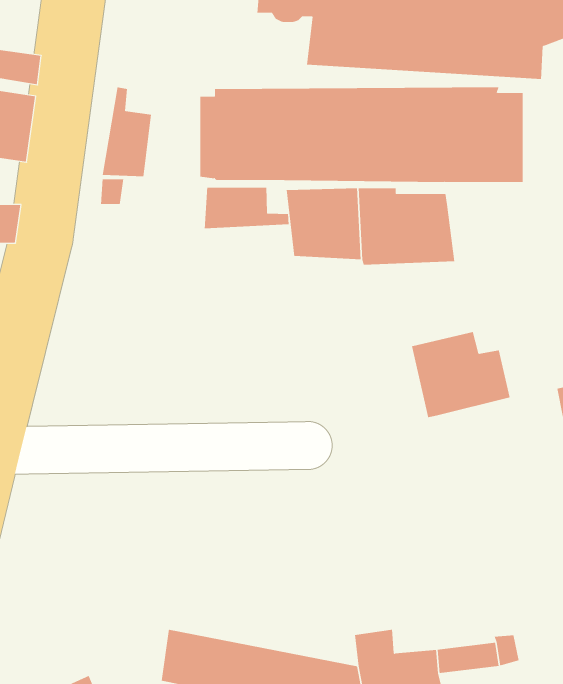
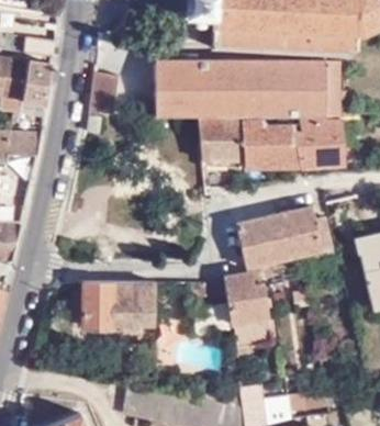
building: [204,187,289,229] -> none
building: none -> [295,121,340,165]
building: none -> [237,215,283,266]
building: none -> [225,271,271,348]
building: none -> [83,281,153,346]

